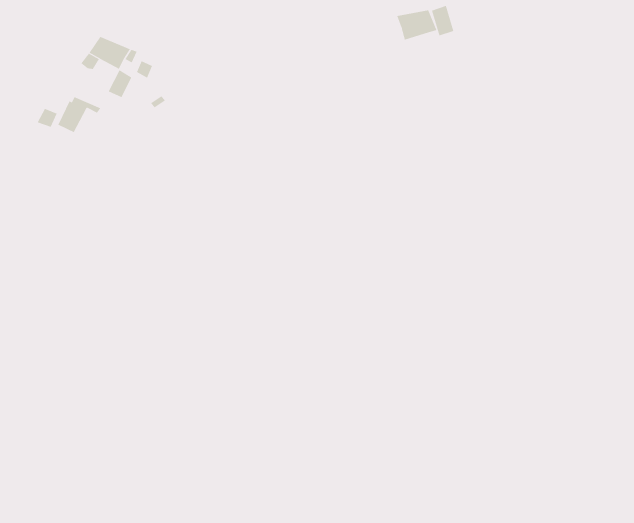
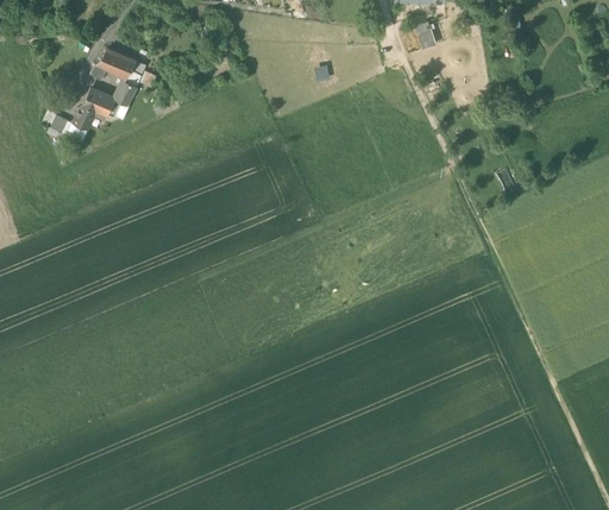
building: [397,10,437,40] -> none
building: none -> [82,88,128,119]

